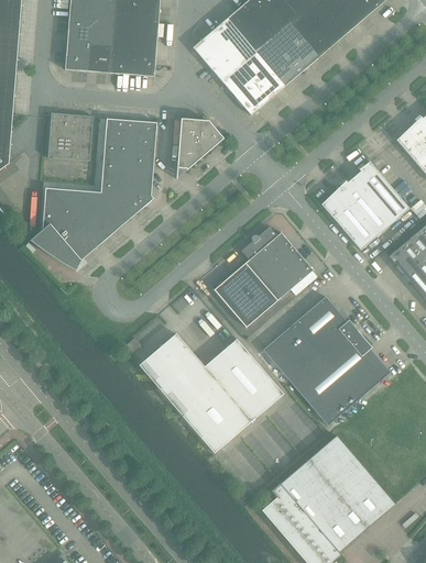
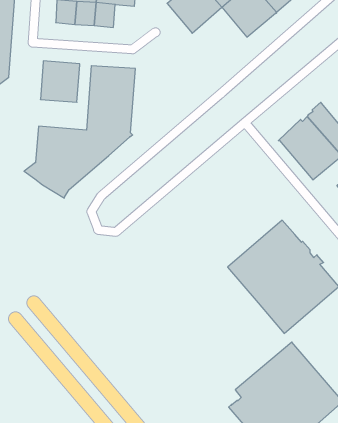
building: [131,48,155,77] -> none
building: [221,52,284,115] -> none
building: [175,118,223,178] -> none
building: [214,227,313,327] -> none
building: [146,333,283,452] -> none

